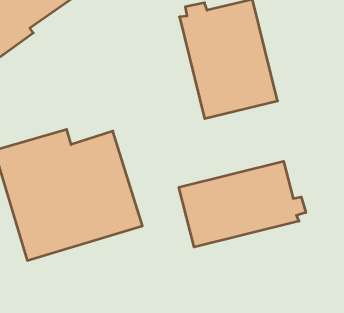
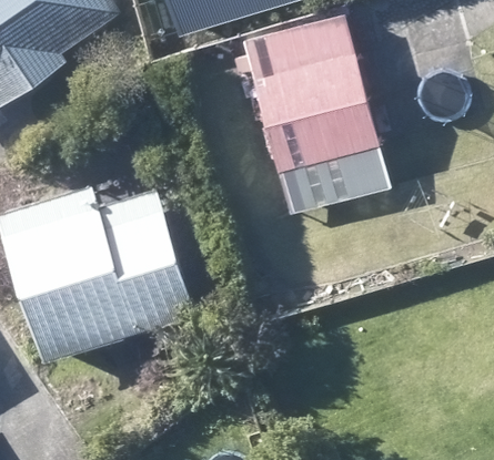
building: [179,161,306,247] -> none

